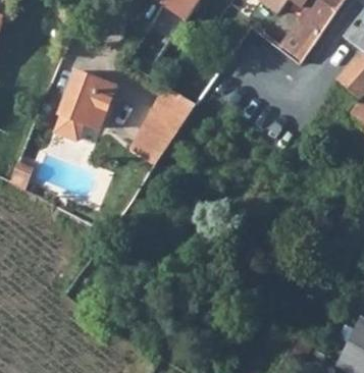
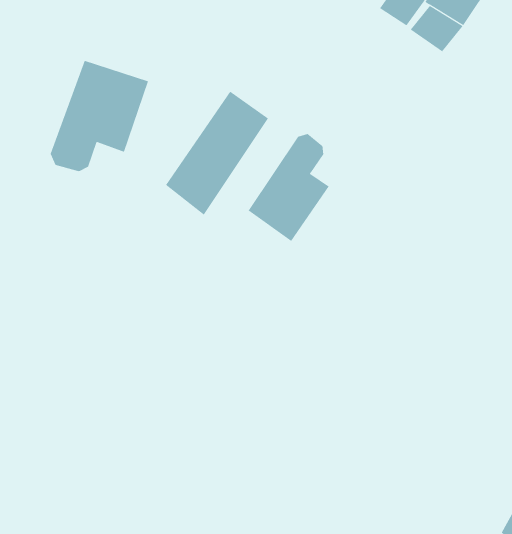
building: none -> [248,133,330,242]

